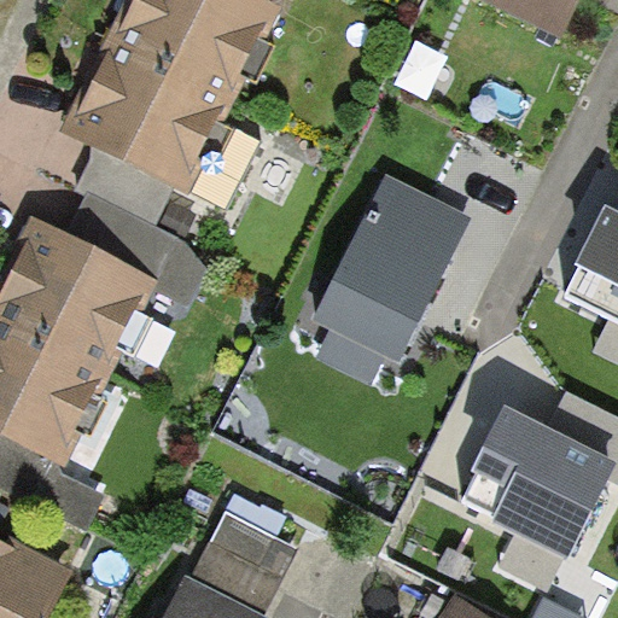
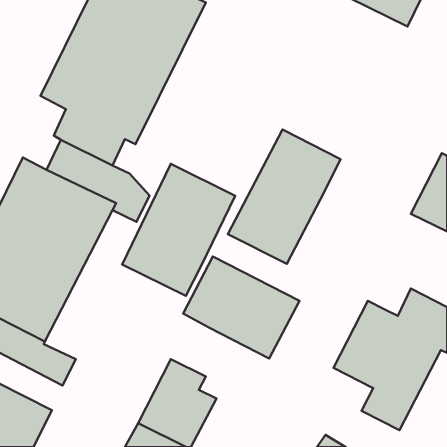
building: none -> [122,164,235,296]
building: none -> [183,256,299,359]

